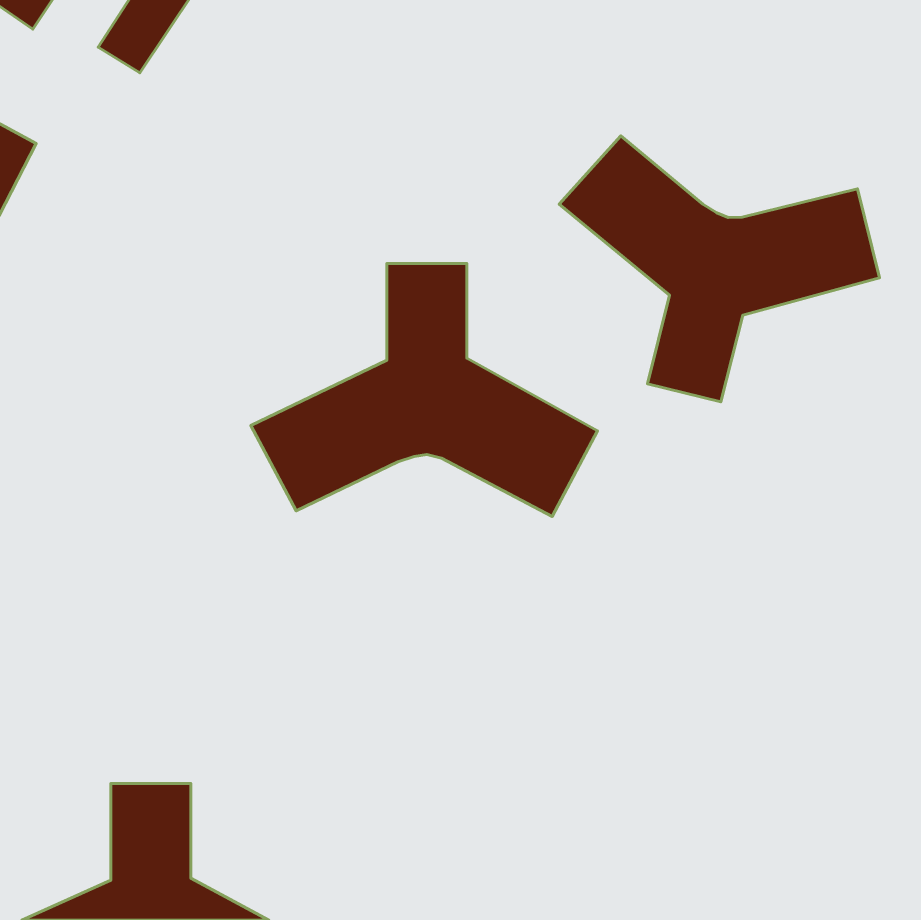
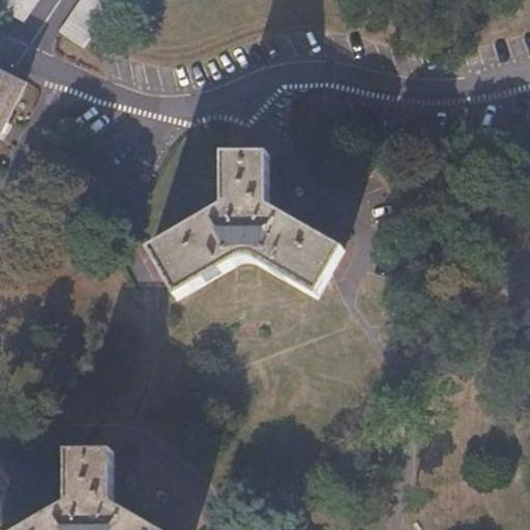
building: [559,136,880,402] -> none

